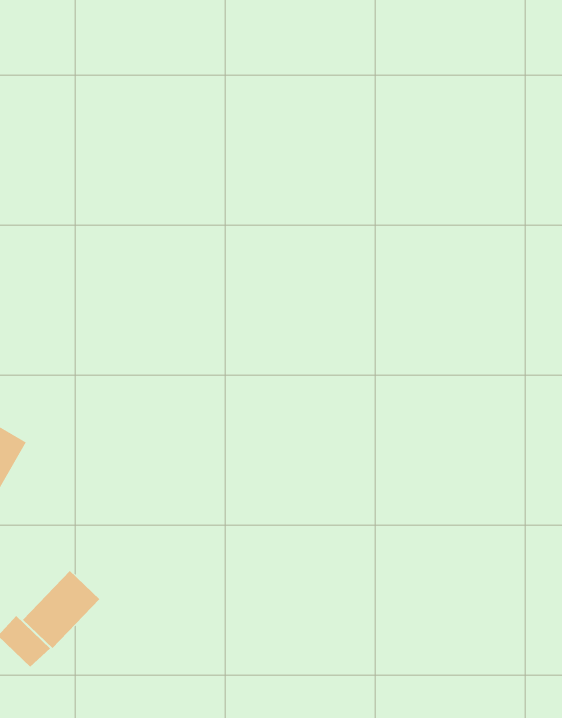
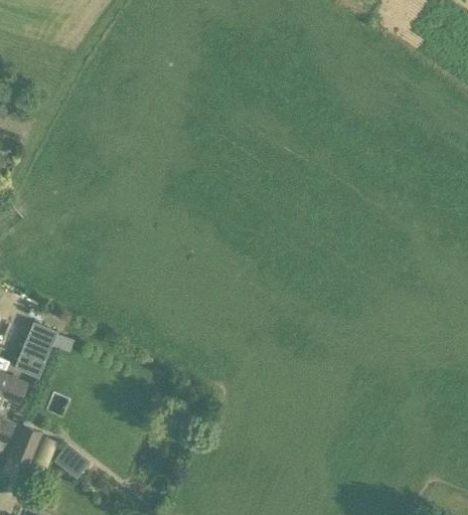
building: [22,570,100,649] -> none

